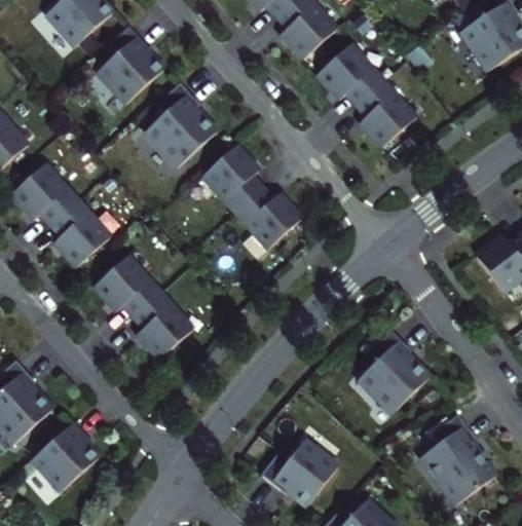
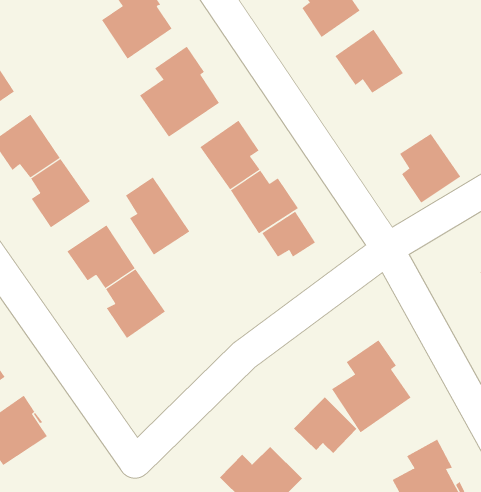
building: [356,82,415,148] -> [399,133,461,204]
building: none -> [125,176,190,256]
building: none -> [262,211,316,257]
building: none -> [293,396,357,454]

